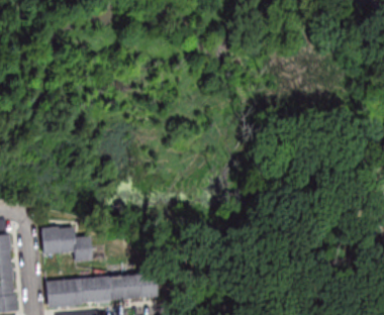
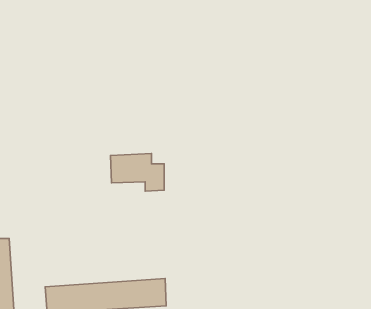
building: [39,225,91,261] -> [110,153,164,191]

